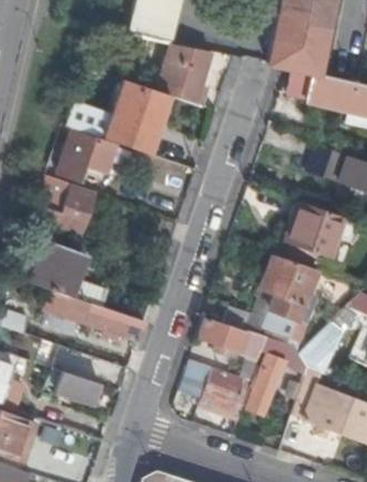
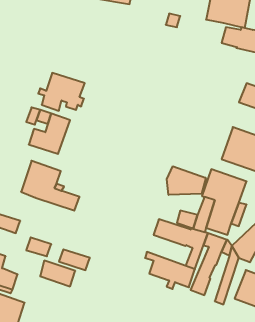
building: [159,45,209,108] -> none
building: [62,80,168,154] -> none
building: none -> [167,166,206,195]
building: [42,291,144,343] -> none

